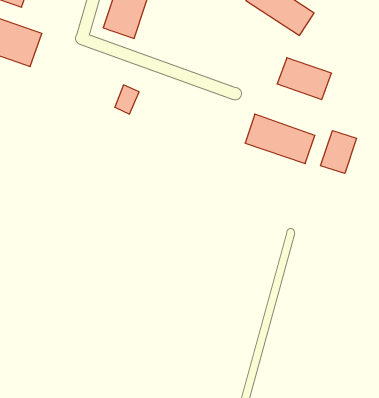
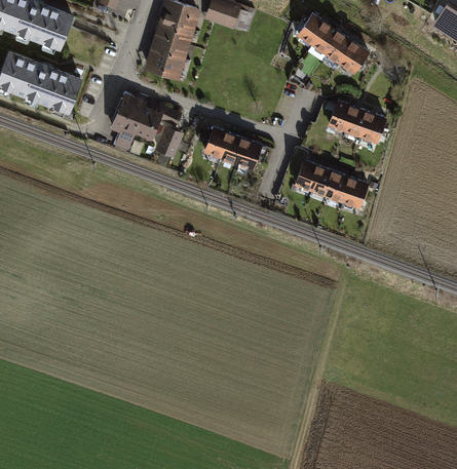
building: none -> [112,91,182,144]
building: none -> [203,128,262,170]
building: [321,131,357,173] -> none

